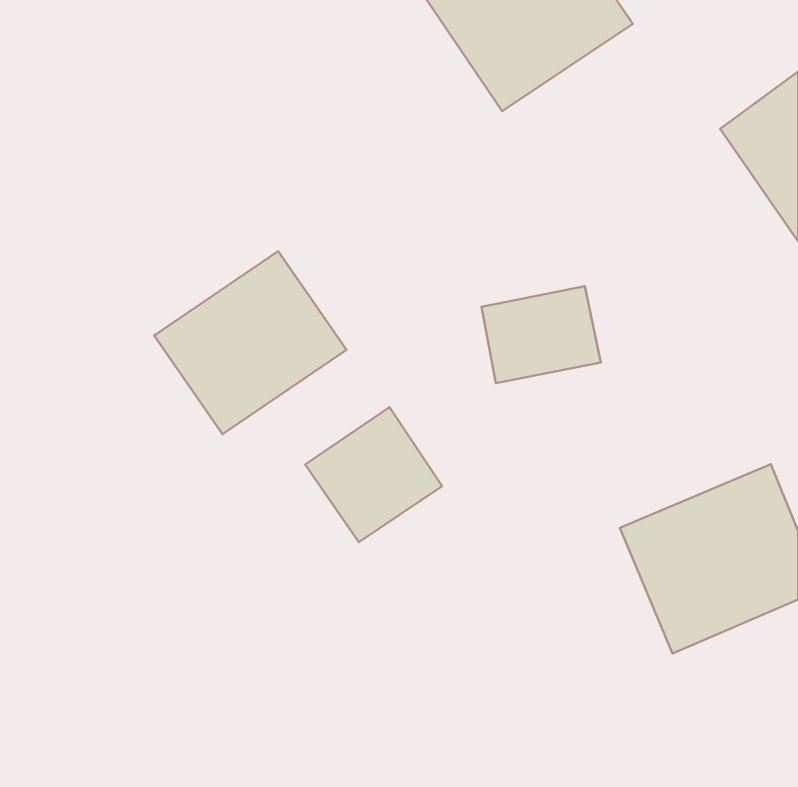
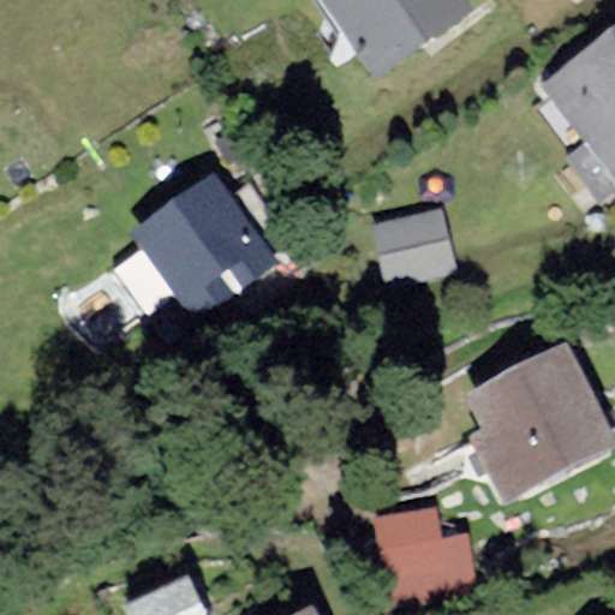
building: [305,407,442,542] -> none
building: none -> [372,489,476,590]

